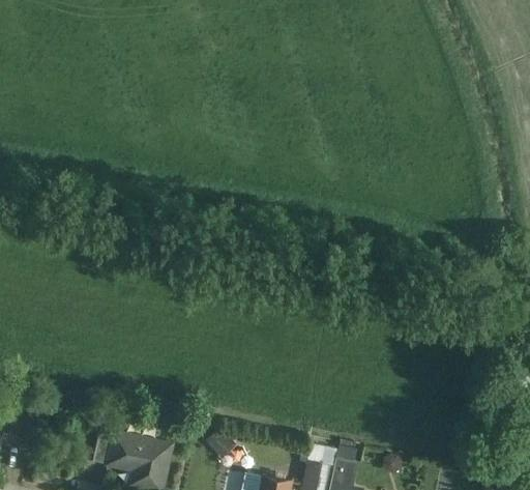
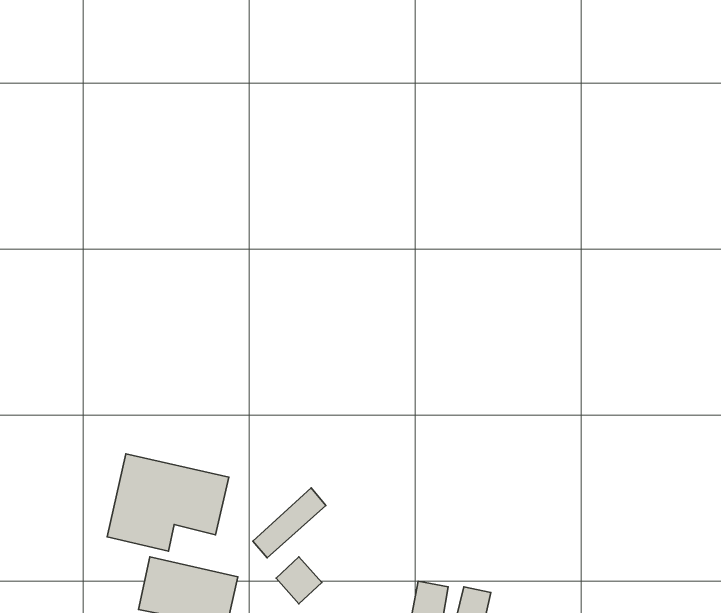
building: none -> [107,454,229,551]
building: none -> [253,488,326,558]

